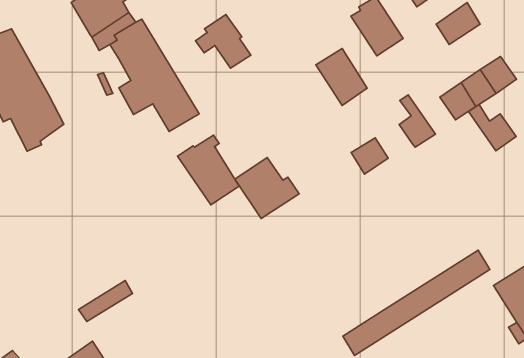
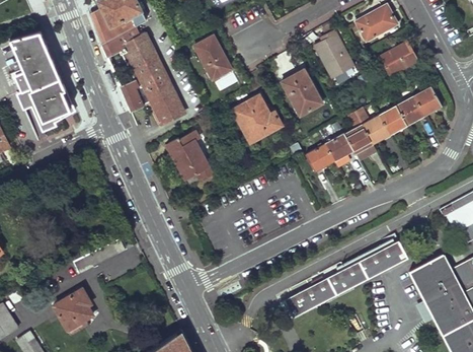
building: [469,104,516,151] -> [353,107,390,145]
building: none -> [324,133,353,161]
building: [235,157,299,219] -> [231,94,282,143]

